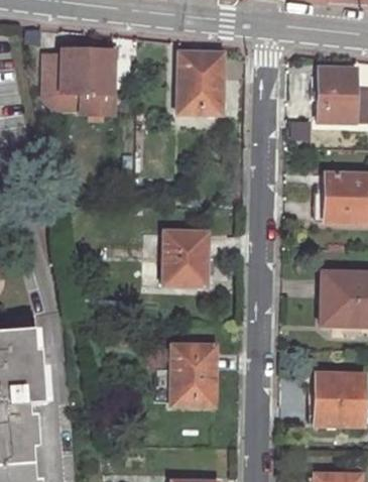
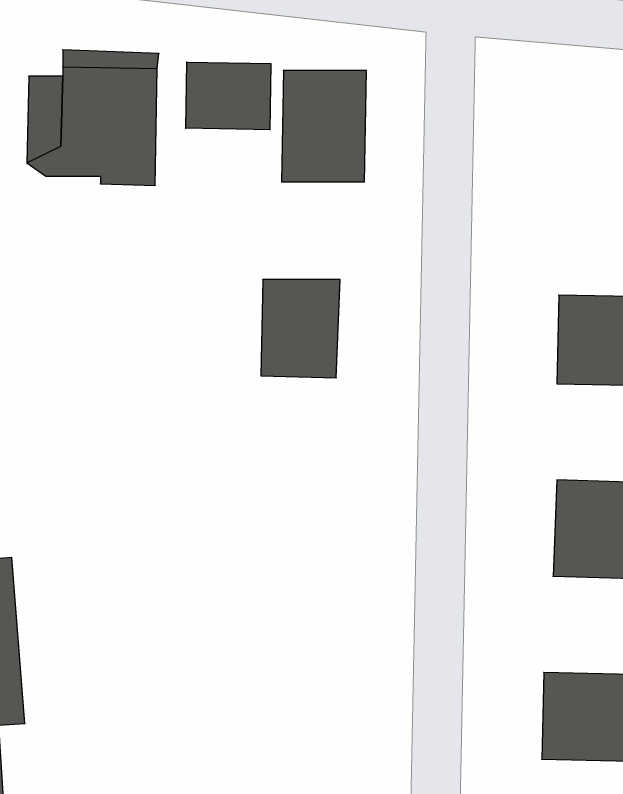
building: none -> [186,62,271,130]
building: [319,69,356,124] -> none
building: [165,232,208,284] -> [261,280,340,378]
building: [155,346,217,406] -> none

